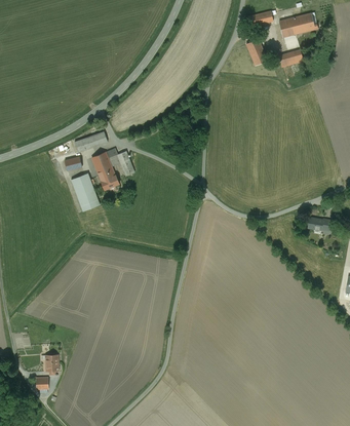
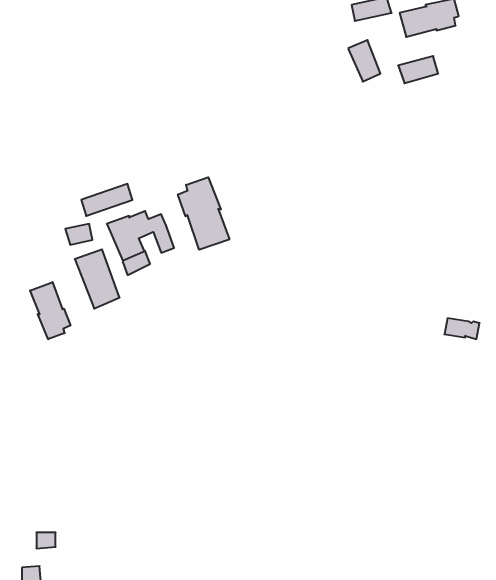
building: none -> [178,177,229,250]
building: none -> [30,282,70,339]

